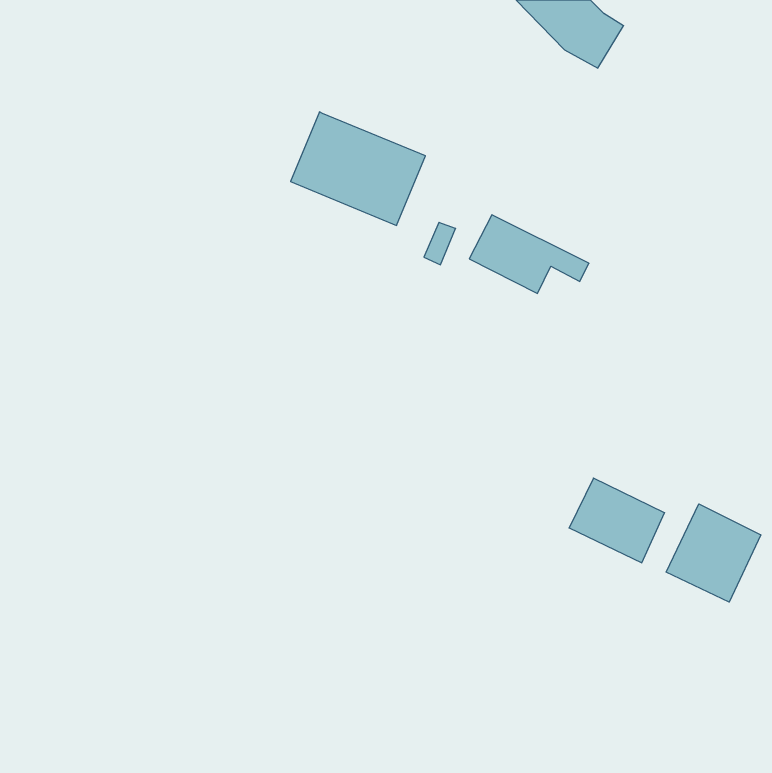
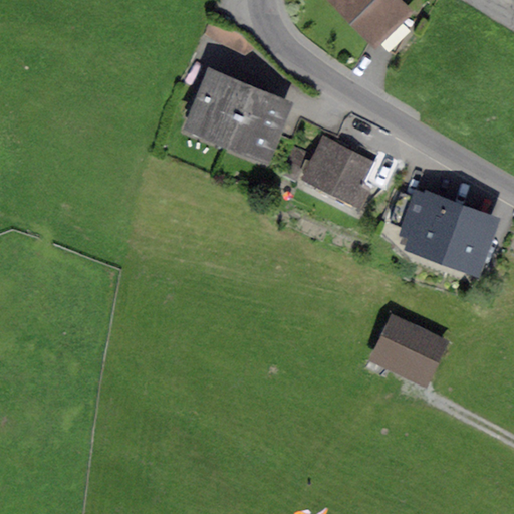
building: none -> [390,190,487,268]
building: [666,504,761,602] -> none

